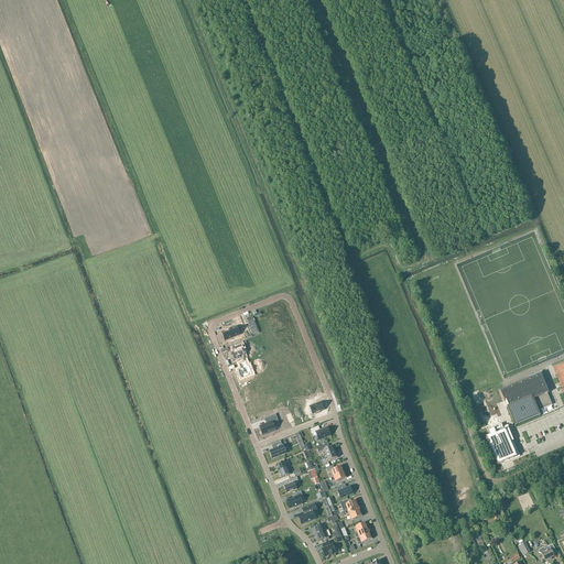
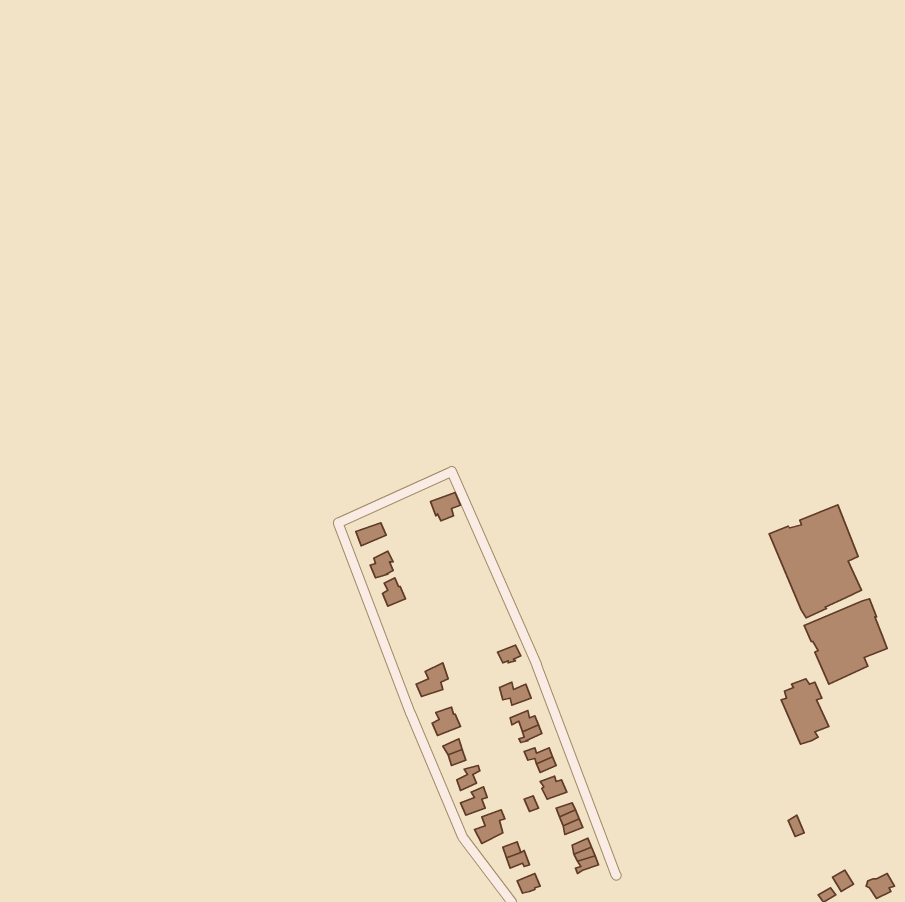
building: none -> [769,505,862,618]

